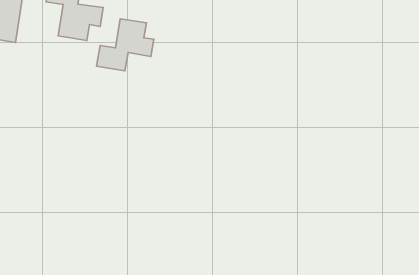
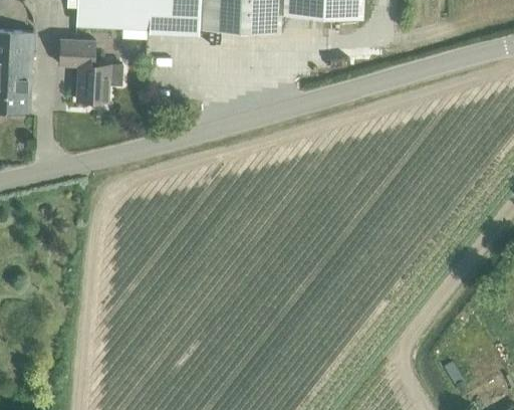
building: [96,19,154,71] -> none

